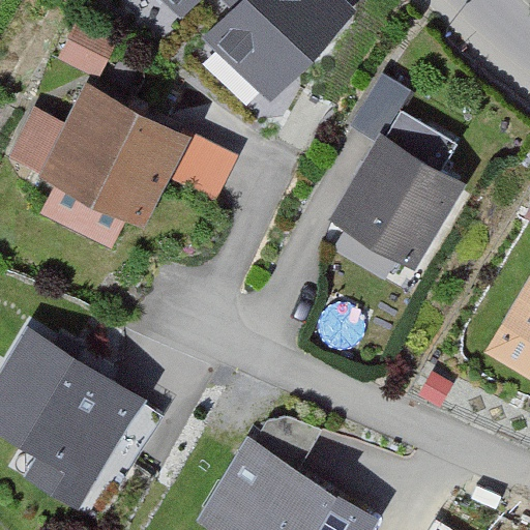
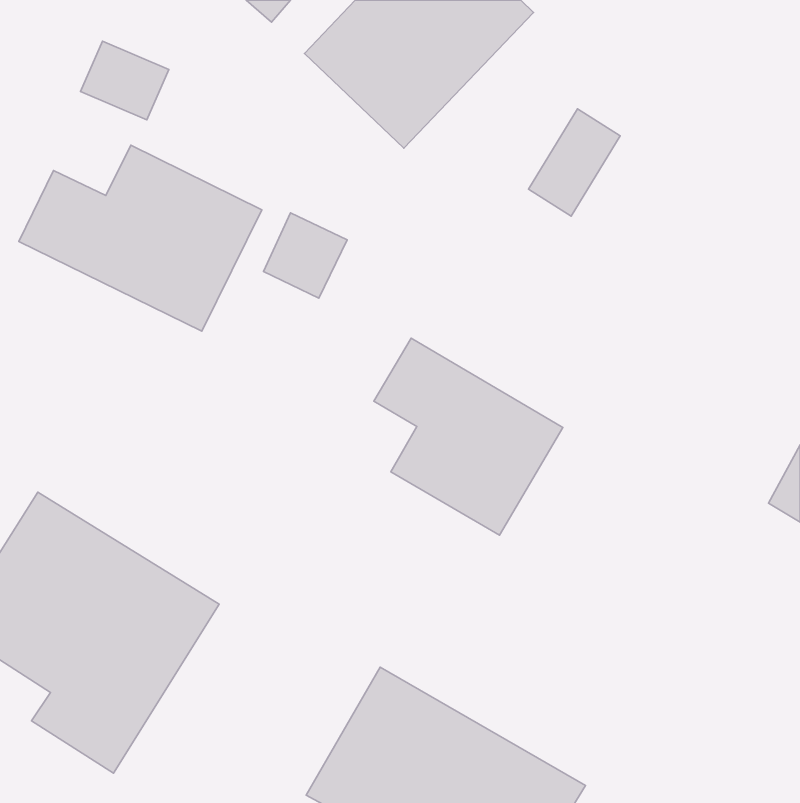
building: [335,136,471,269] -> none
building: none -> [374,338,563,535]

